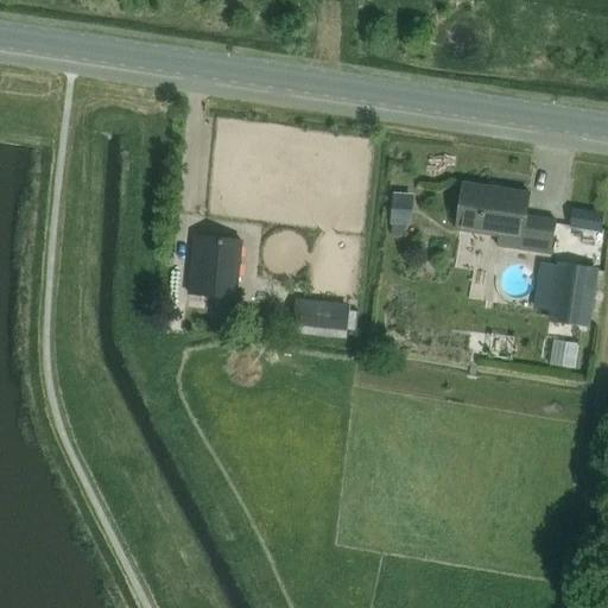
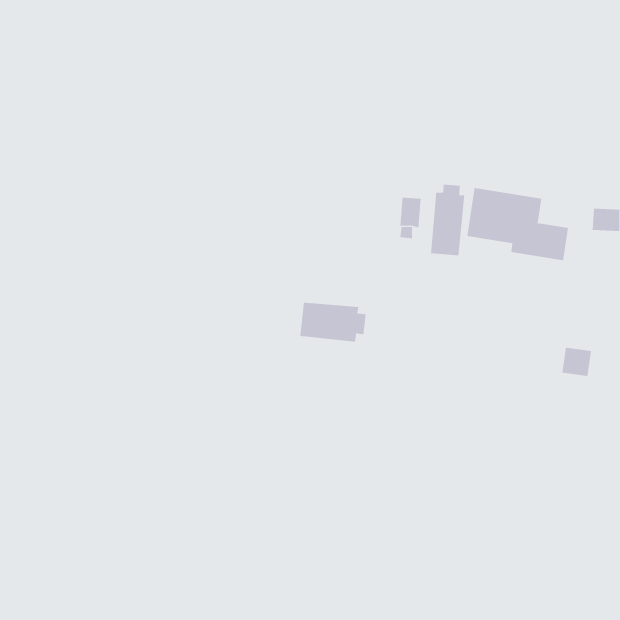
building: none -> [431,184,465,256]
building: [188,236,241,299] -> none
building: [546,260,597,325] -> none

